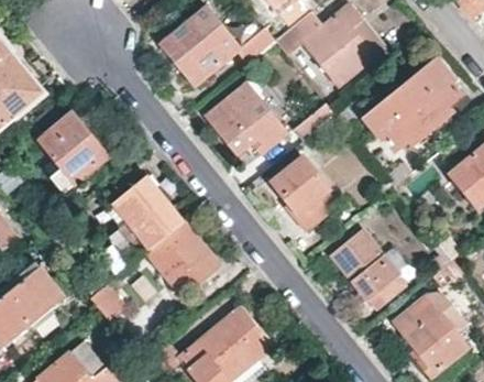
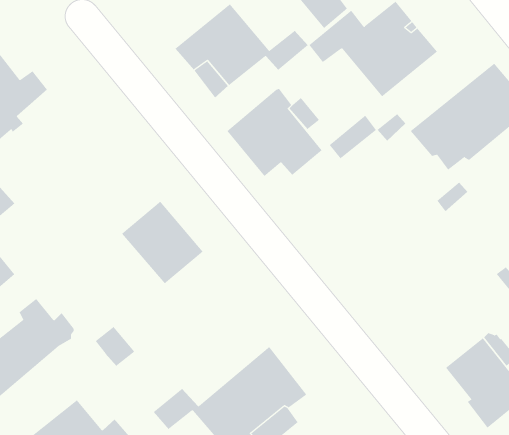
building: [37,113,108,193] -> none
building: [270,156,338,229] -> none
building: [145,221,219,296] -> none
building: [330,229,405,302] -> none

